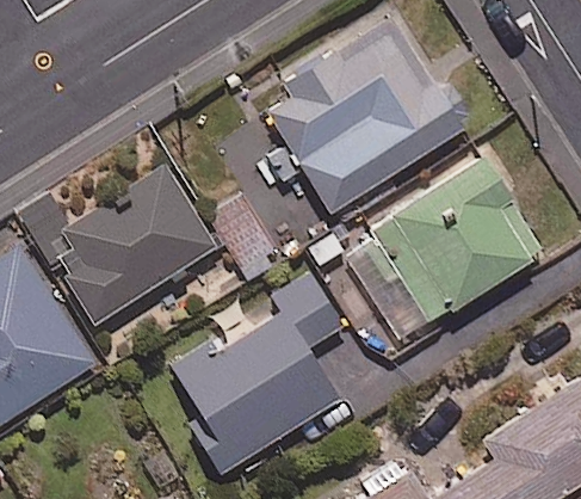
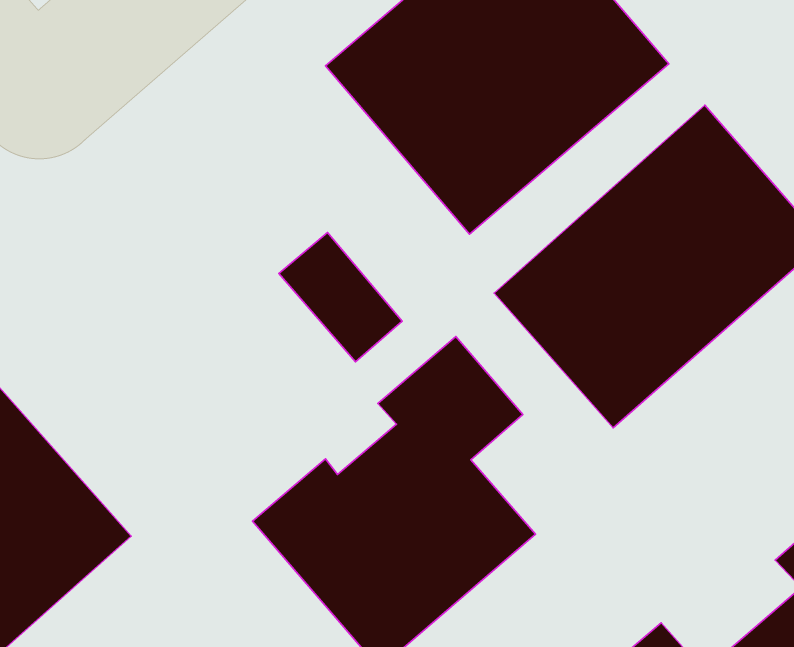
building: [49,166,217,322] -> none

